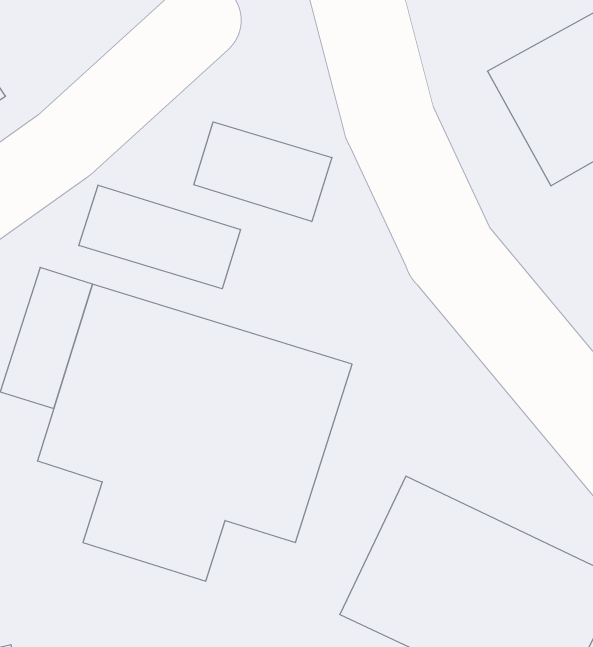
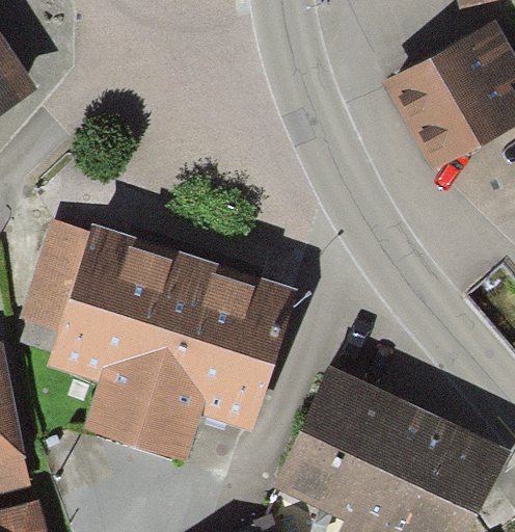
building: [194,122,332,222] -> none
building: [79,185,240,289] -> none

